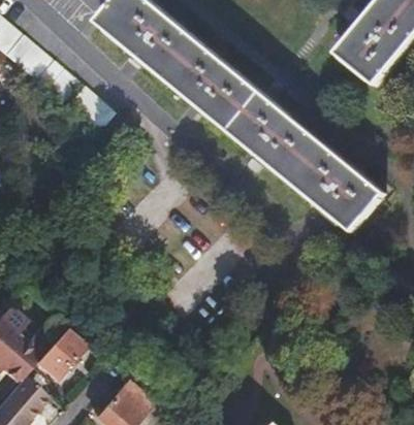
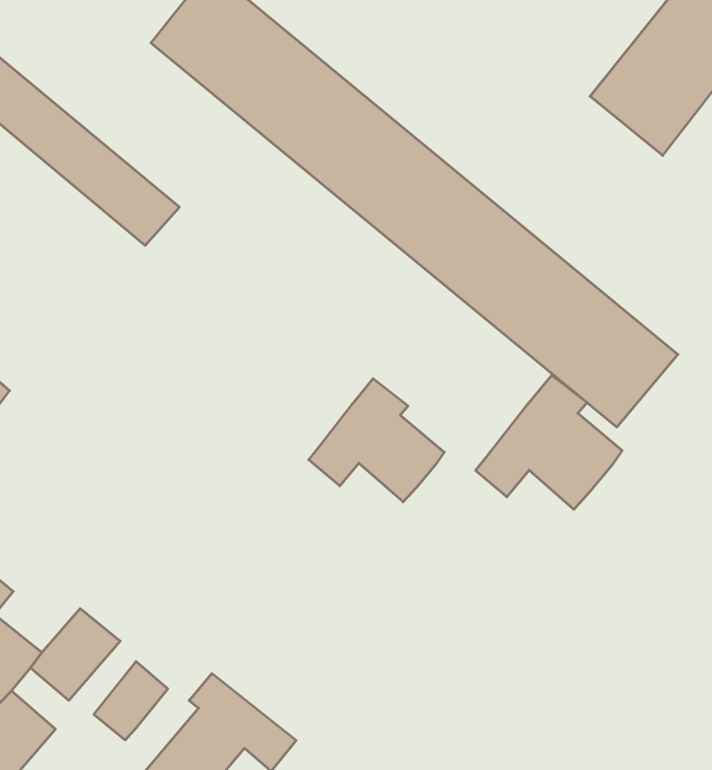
building: none -> [476,375,622,509]
building: none -> [309,379,444,502]
building: none -> [94,661,168,740]

